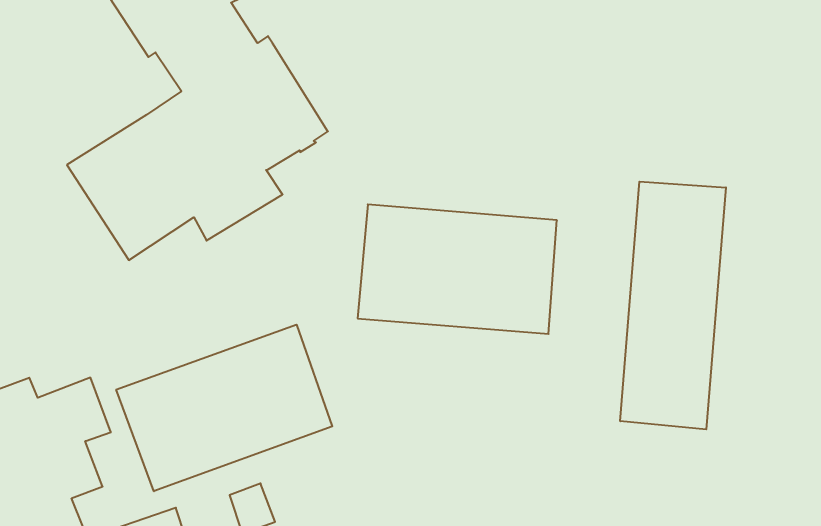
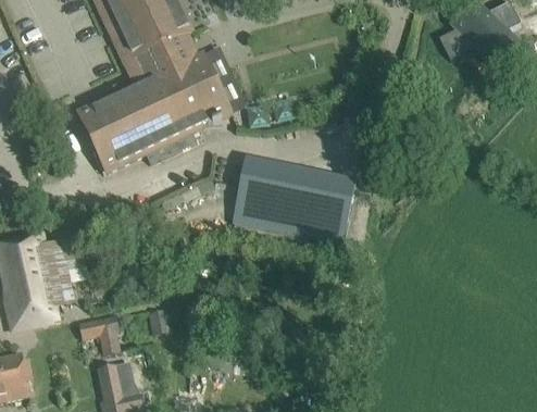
building: [620,182,726,429] -> none
building: [116,325,332,491] -> none

